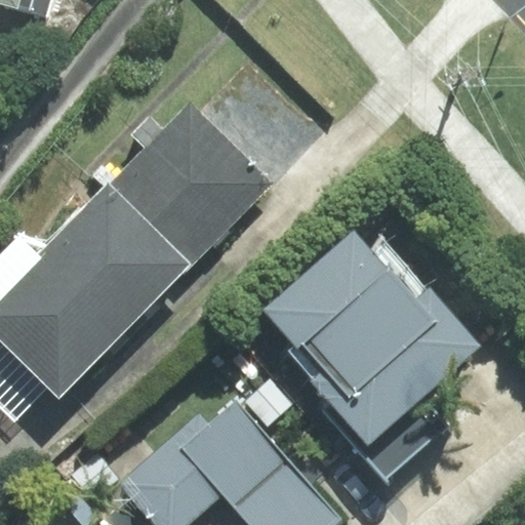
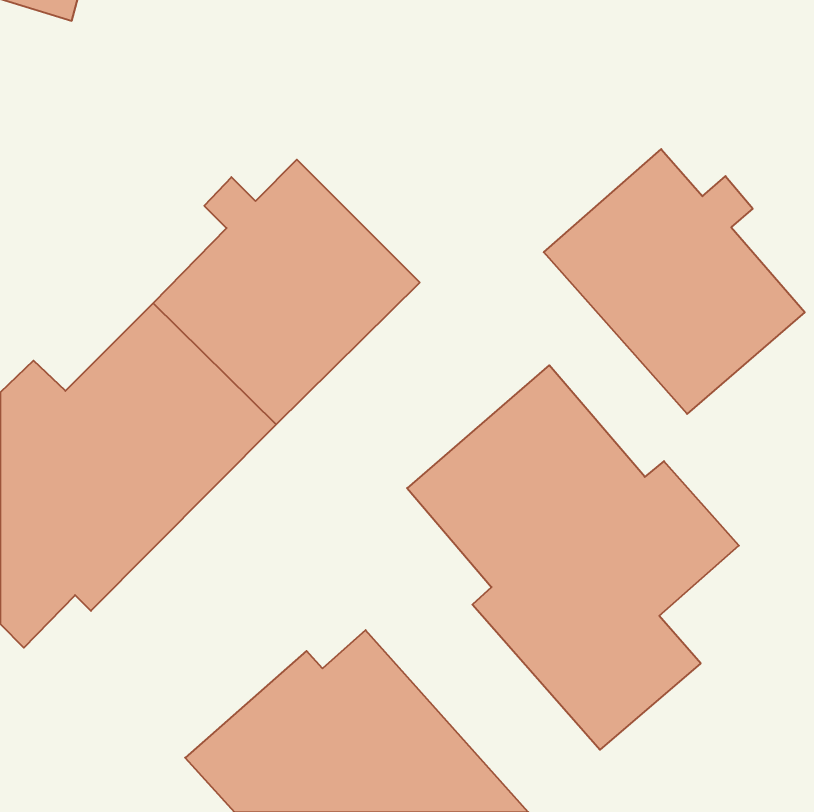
building: none -> [544,149,805,414]

